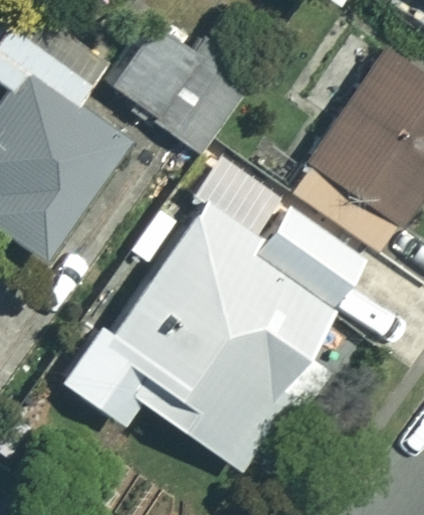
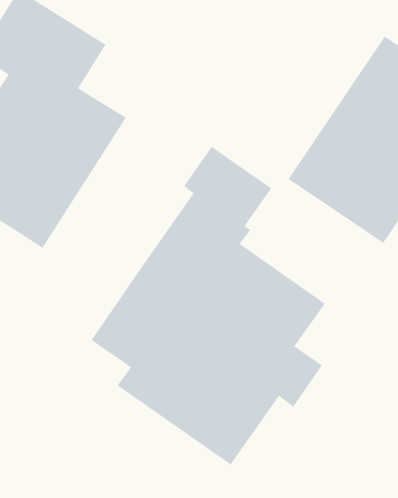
building: [113,19,251,154] -> none
building: [248,209,360,312] -> none

